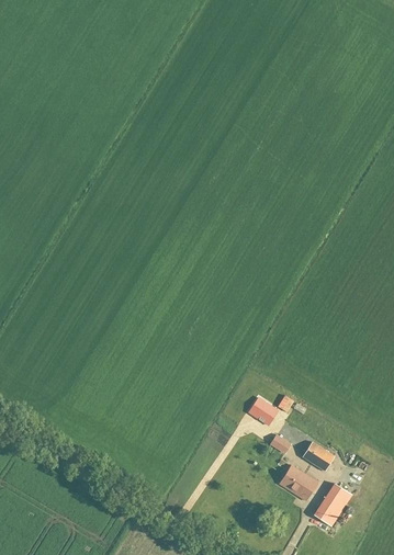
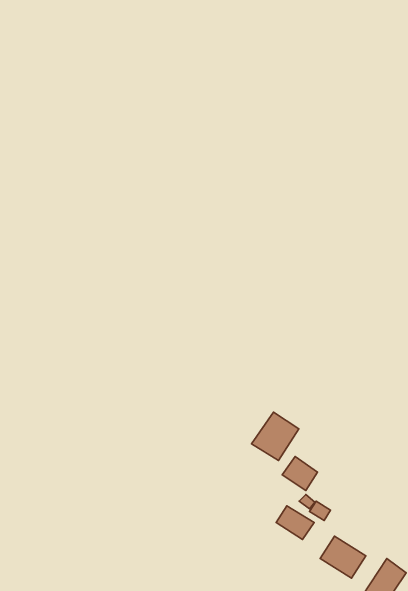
building: none -> [252,412,299,461]
building: [303,441,335,469] -> [276,506,314,540]

